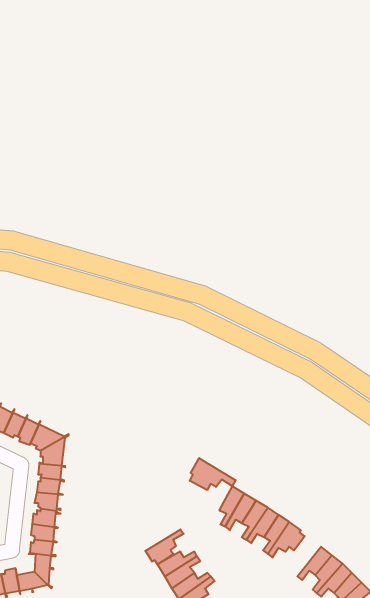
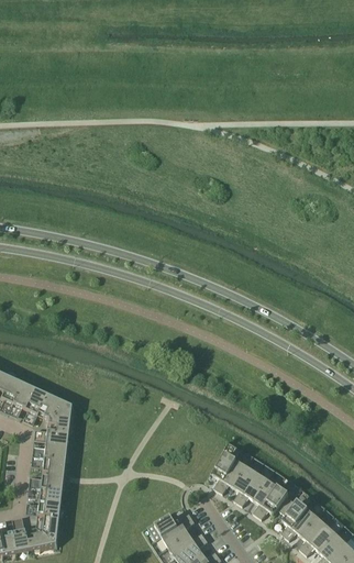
building: [190,458,236,490] -> none
building: [145,529,184,565] -> none
building: none -> [280,498,307,536]

